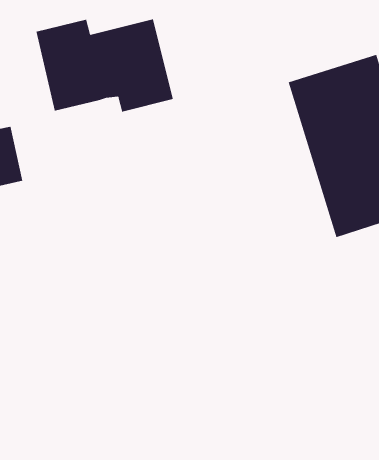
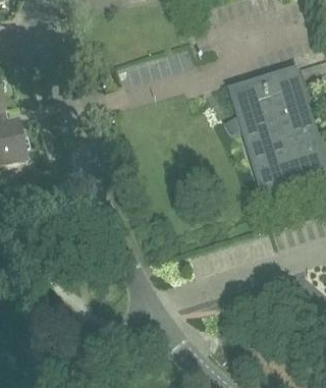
building: [36,18,174,112] -> none

